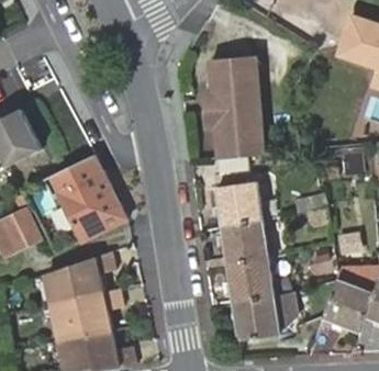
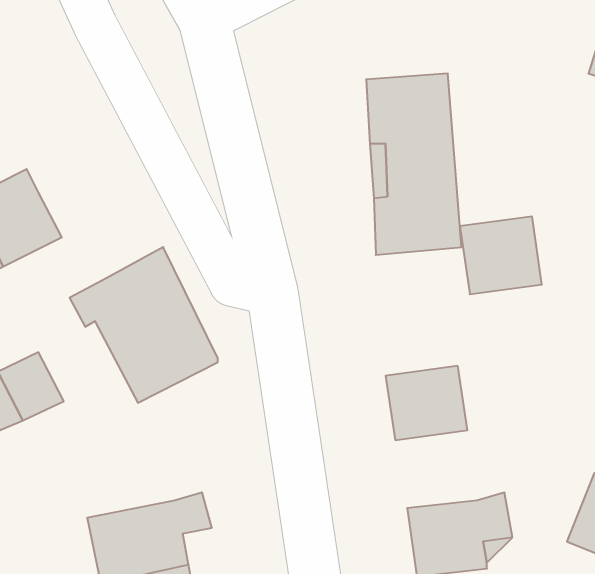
building: [215,181,261,225] -> [460,216,542,294]
building: [46,254,114,305] -> none
building: [226,256,272,300] -> none

